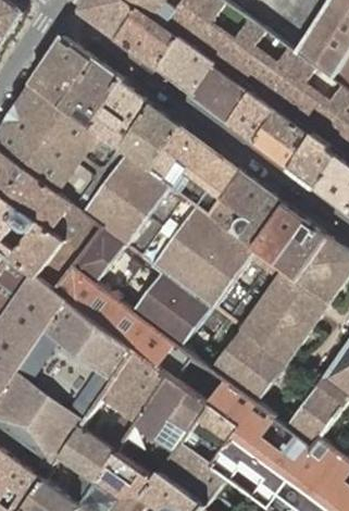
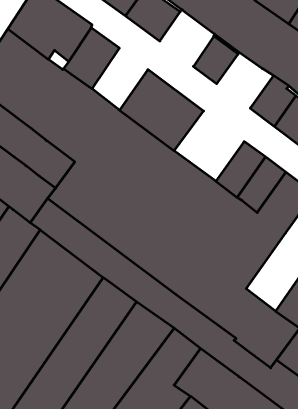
building: [194,64,251,123] -> none
building: [121,103,180,170] -> none
building: [254,110,315,167] -> none
building: [209,171,284,246] -> none

